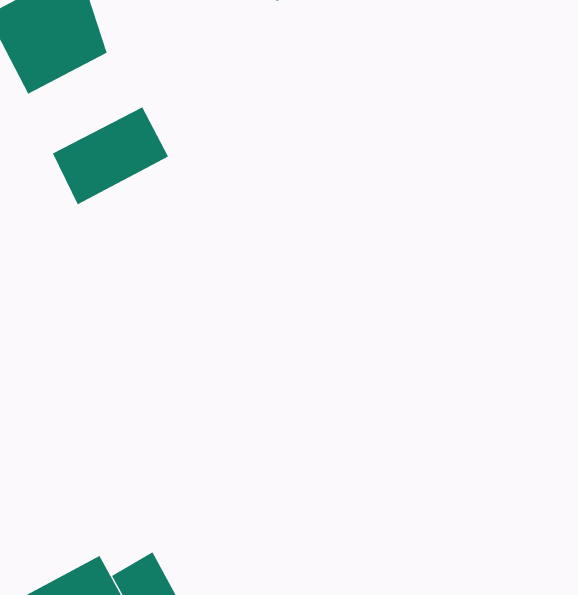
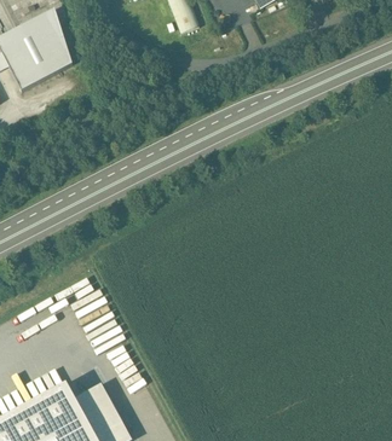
building: [52,106,169,205] -> none

